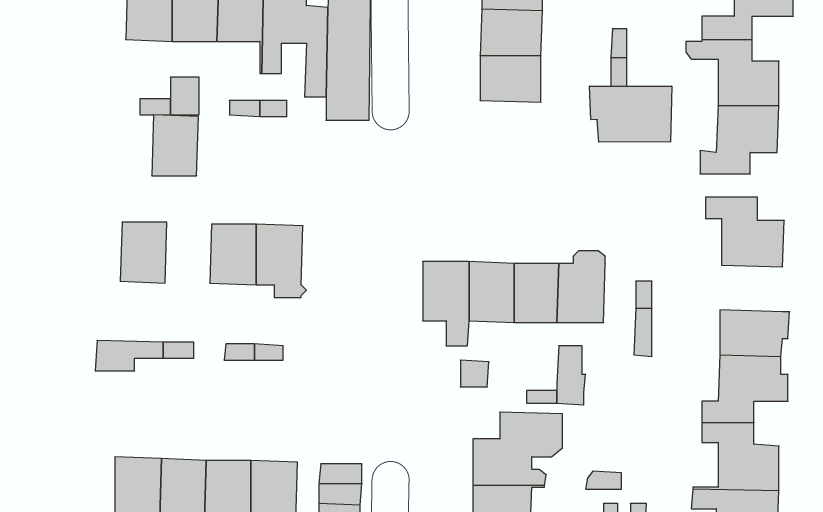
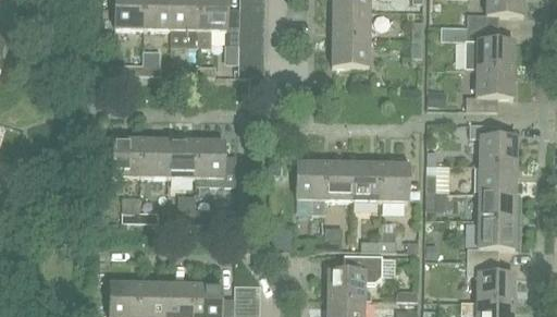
building: [590,86,672,142] -> none
building: [152,115,198,176] -> [140,138,169,175]
building: none -> [478,164,516,193]

